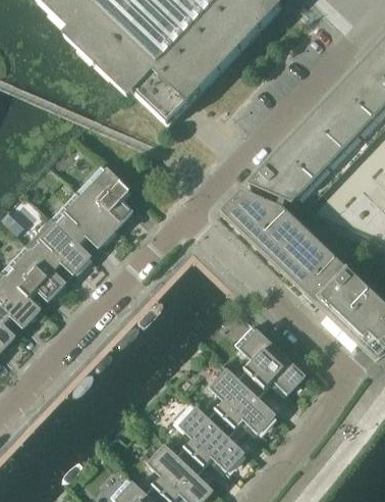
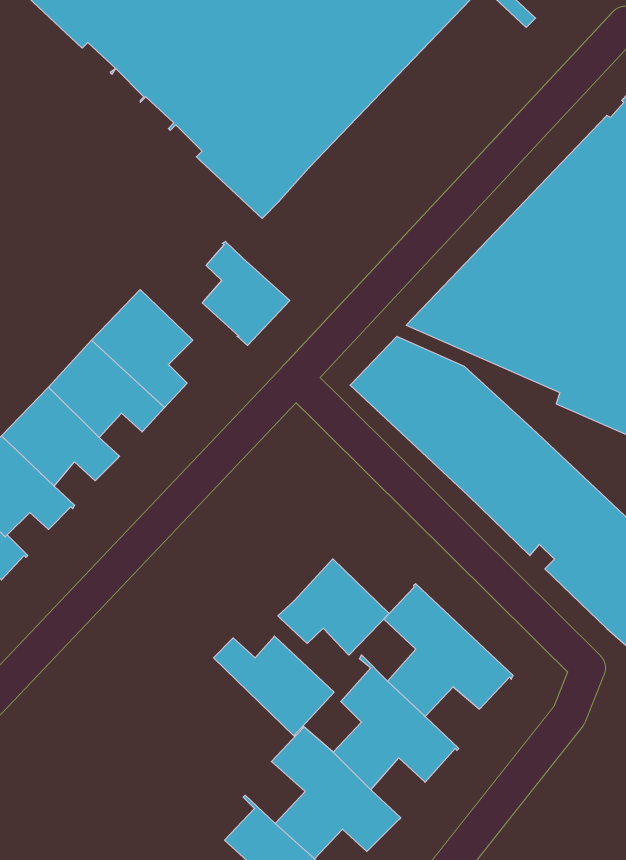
building: none -> [202,241,290,345]
building: none -> [278,559,389,655]
building: none -> [214,636,334,736]

